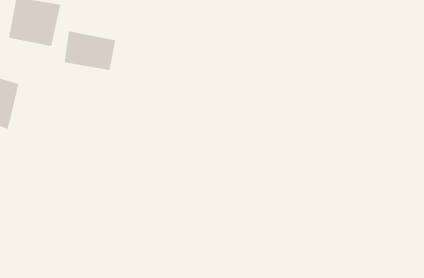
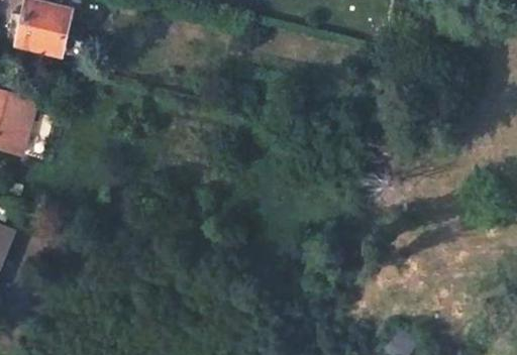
building: [64,30,116,71] -> none

